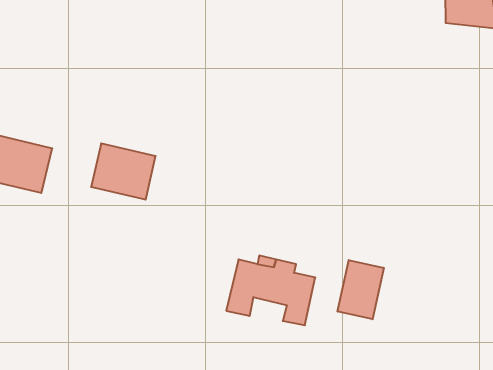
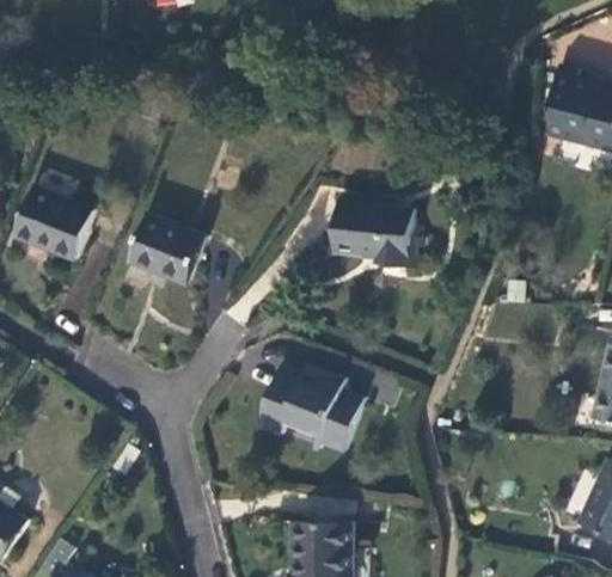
building: none -> [332,203,423,264]
building: [338,260,384,319] -> none

